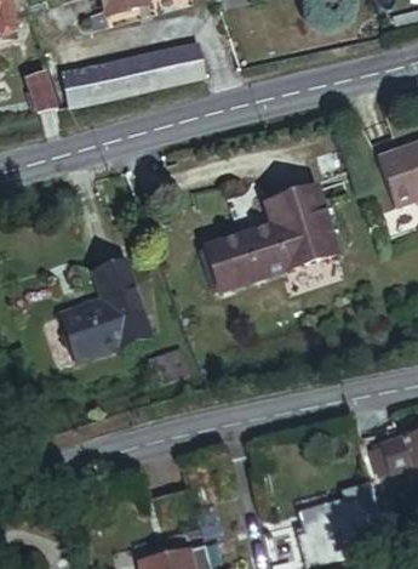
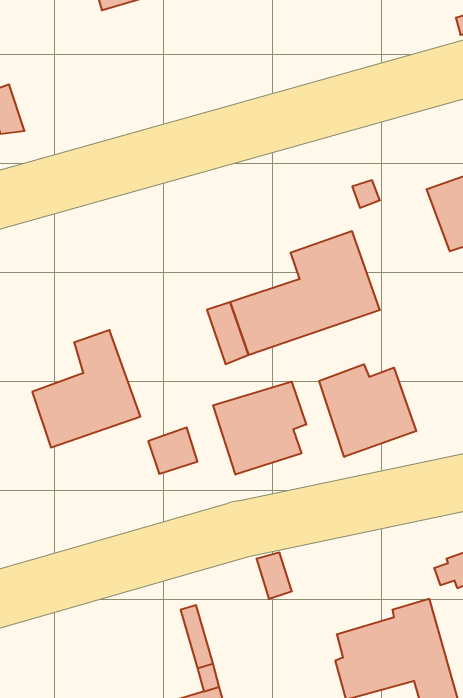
building: [63,46,204,106] -> none
building: none -> [319,364,416,457]
building: none -> [213,382,306,475]

